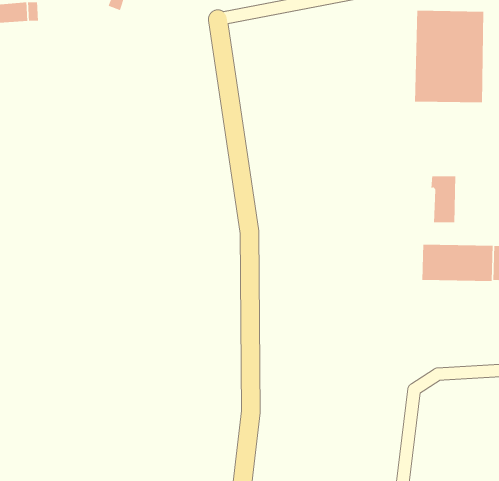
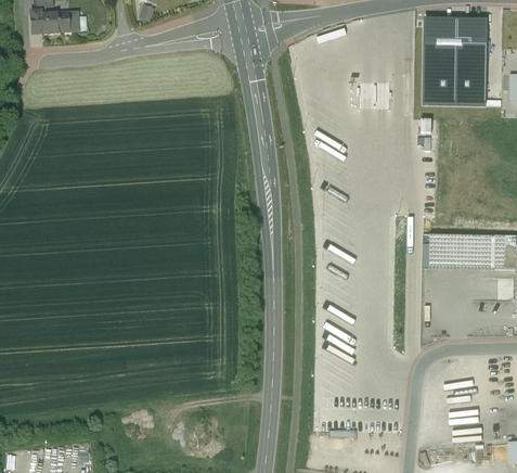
building: [431,175,456,223] -> none

